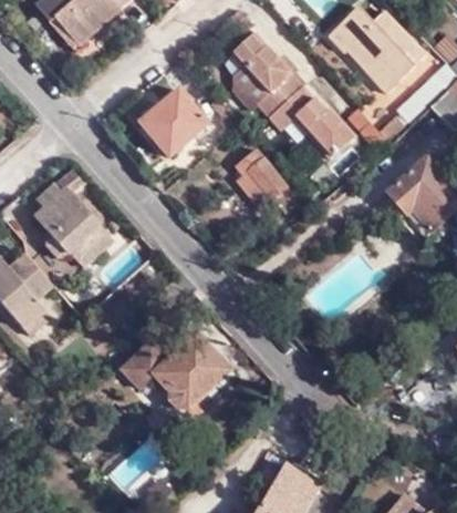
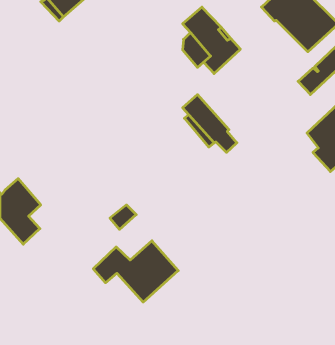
building: [271,88,357,160] -> none
building: [143,91,210,158] -> none
building: [29,181,111,263] -> none

